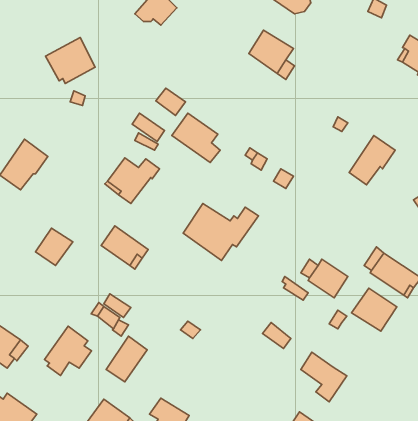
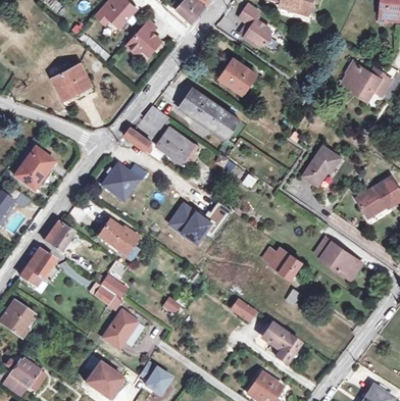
building: none -> [180,88,240,139]
building: [351,288,397,331] -> none
building: [45,326,92,376] -> [20,248,59,289]

